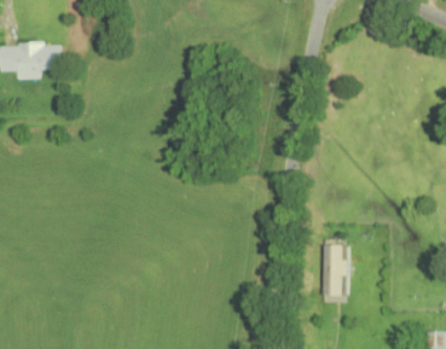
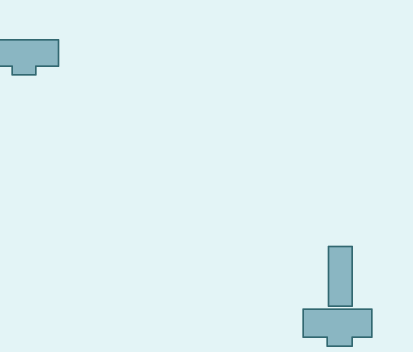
building: none -> [303,309,372,346]

